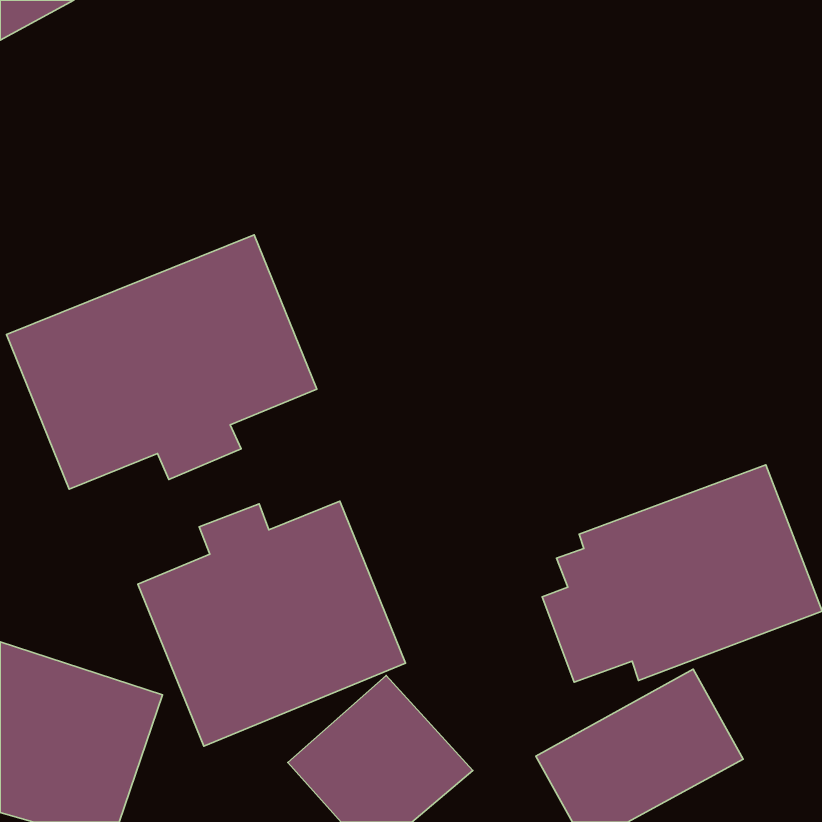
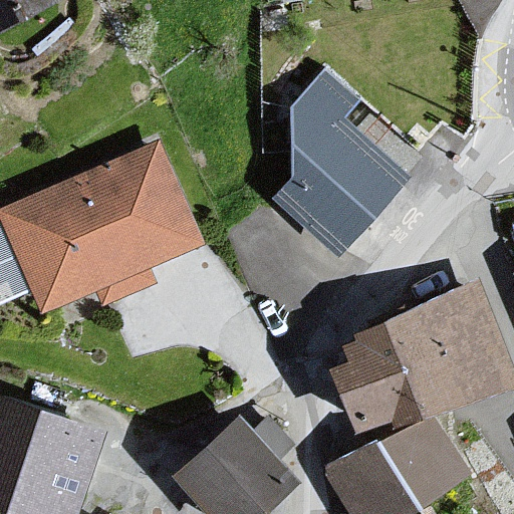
building: none -> [281,73,405,250]
building: [138,501,405,746] -> none

